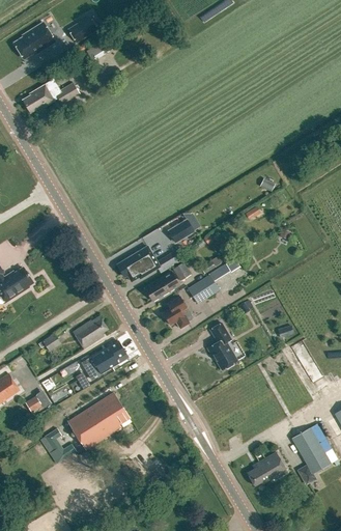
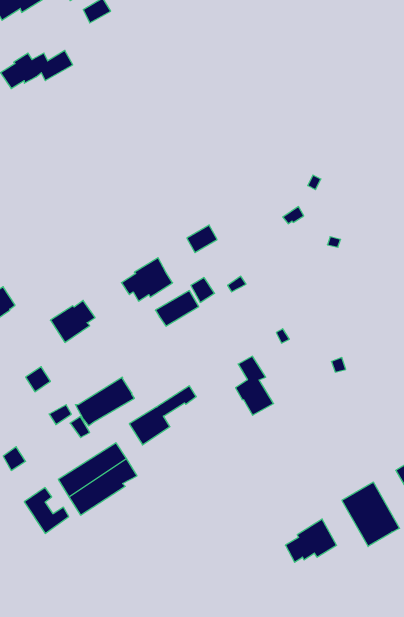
building: [187,257,239,304] -> [129,386,196,445]
building: [162,296,193,328] -> none
building: [73,315,108,348] -> [50,300,95,342]

